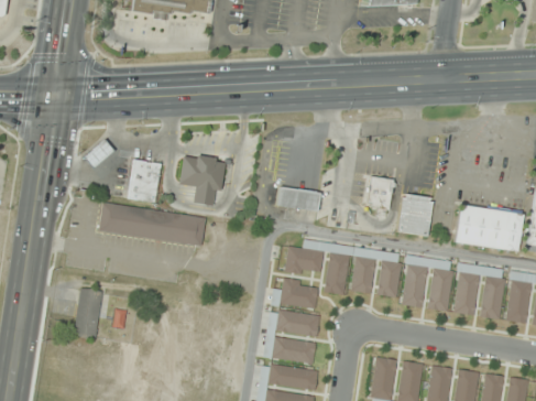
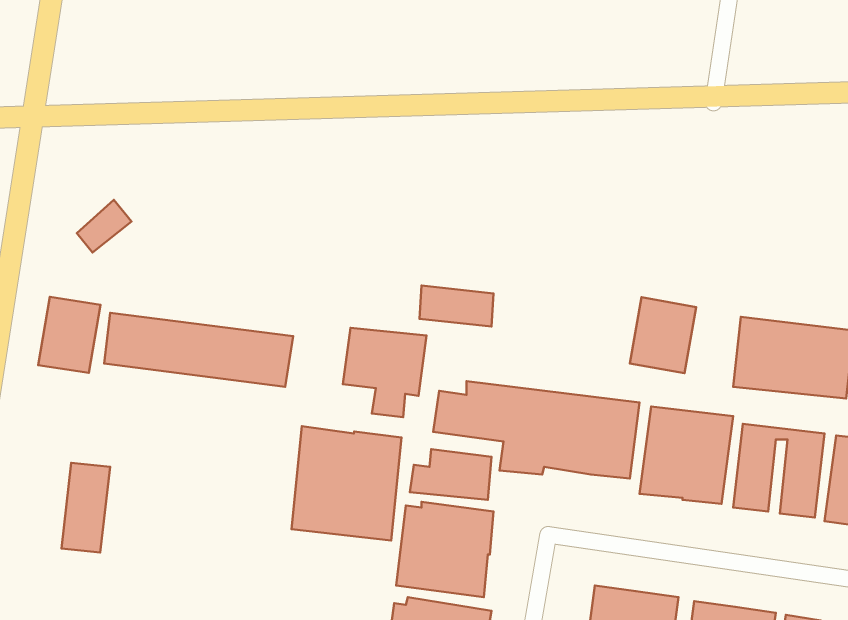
building: [178,154,226,205] -> [343,328,426,417]
building: [127,160,162,203] -> [38,297,100,373]
building: [367,176,393,217] -> none
building: none -> [292,426,401,540]

